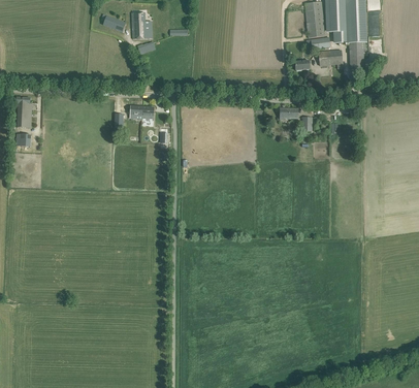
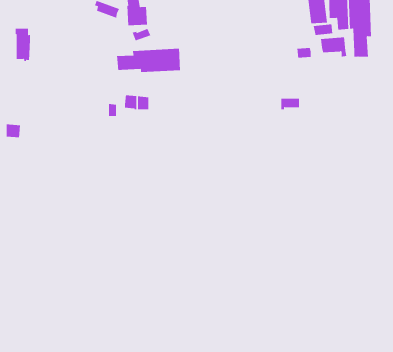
building: none -> [116,48,181,73]
building: [15,96,31,128] -> [15,28,31,62]

